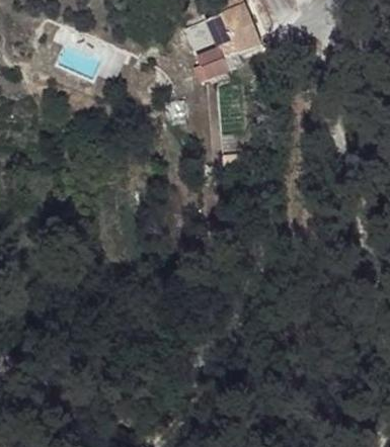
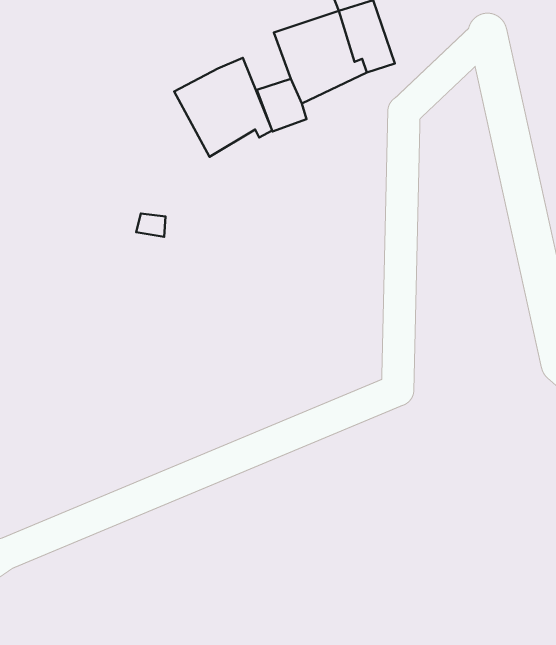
building: none -> [174,58,272,157]

